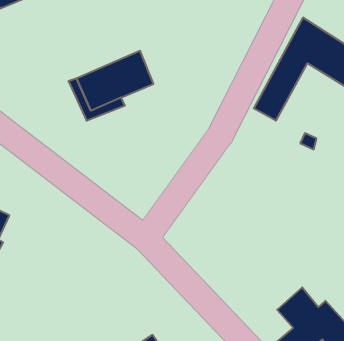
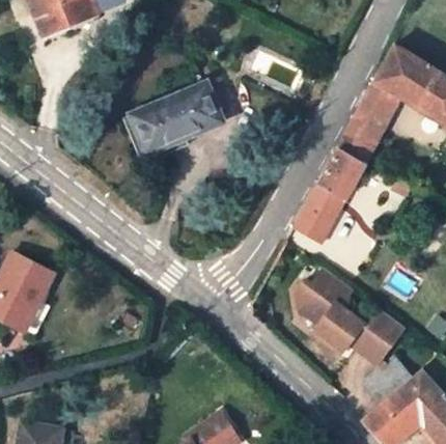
building: none -> [294,149,363,243]
building: none -> [295,267,401,362]

